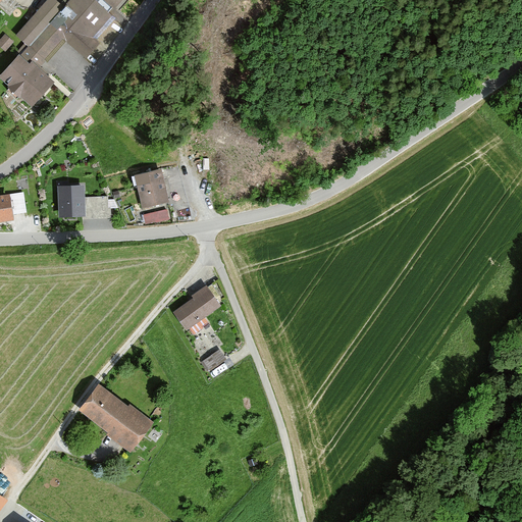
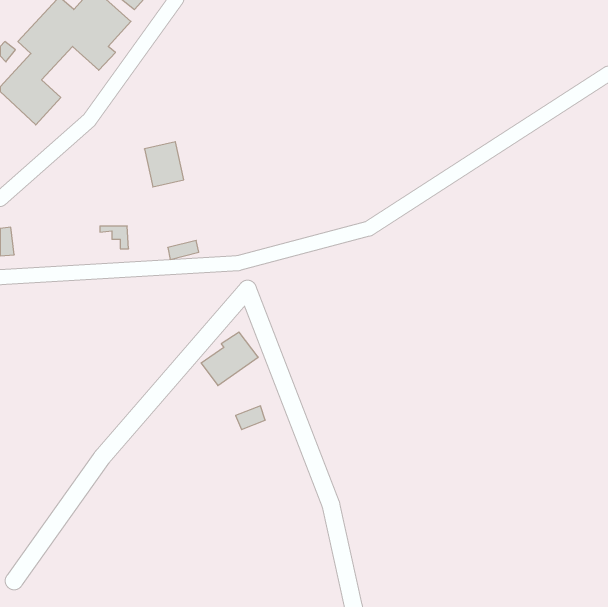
building: [134,168,167,207] -> [144,142,184,187]
building: [59,186,84,215] -> none
building: [79,384,152,452] -> none

